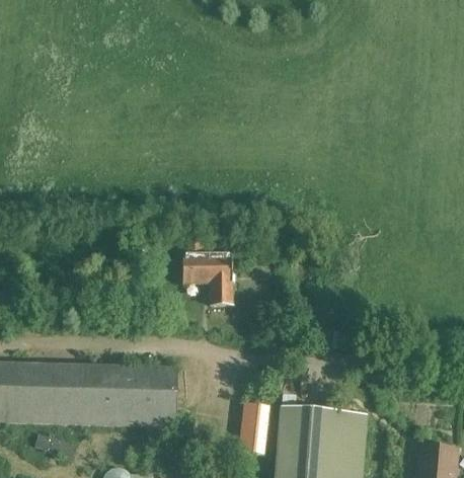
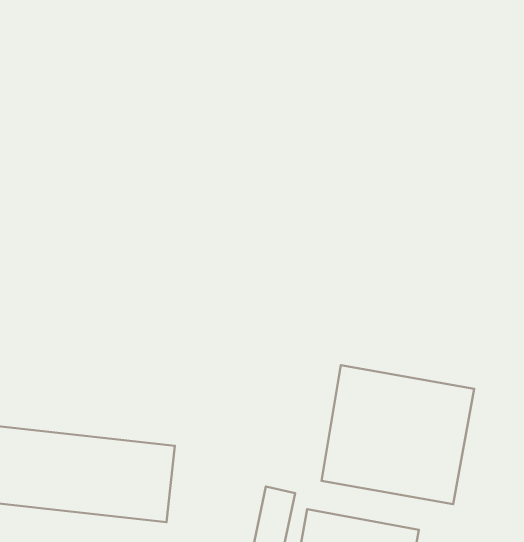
building: [179,237,234,306] -> none
building: none -> [321,365,474,504]

